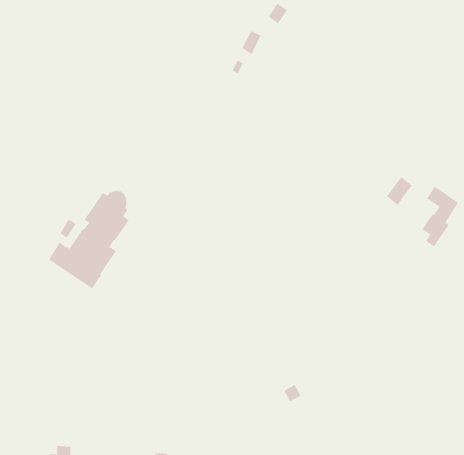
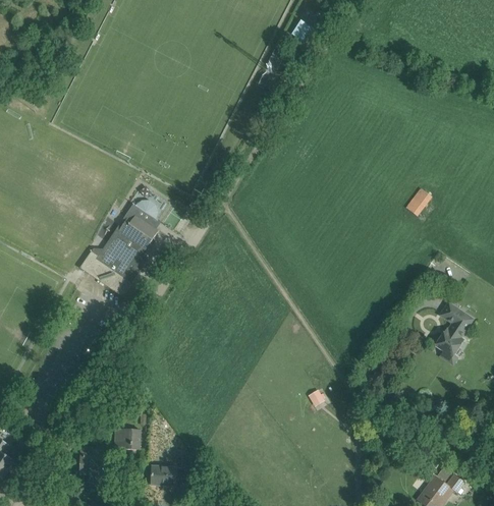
building: [421,186,459,250] -> [435,302,472,364]
building: none -> [114,429,141,449]

